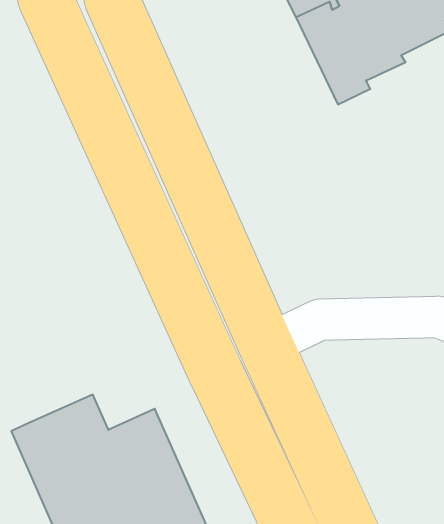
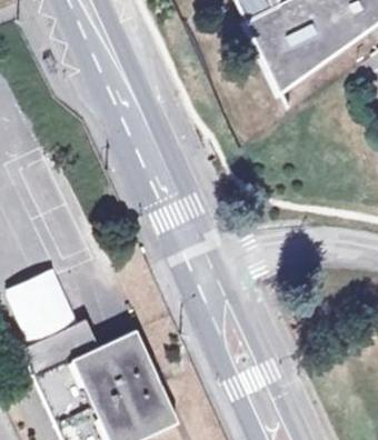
building: none -> [21,283,69,338]

